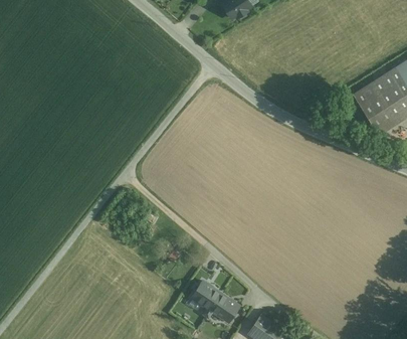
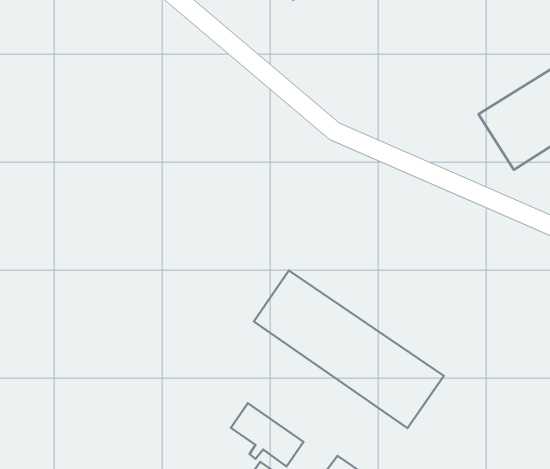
building: none -> [254,271,444,428]

